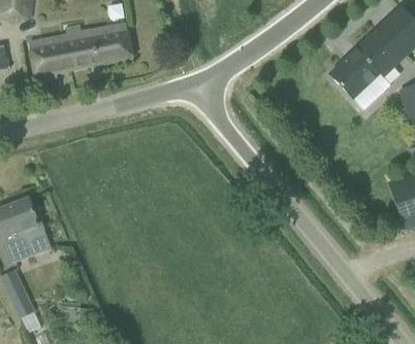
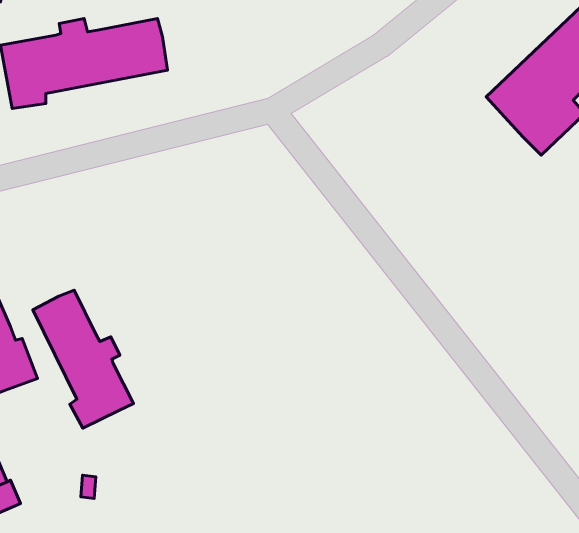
building: none -> [33,290,134,428]

